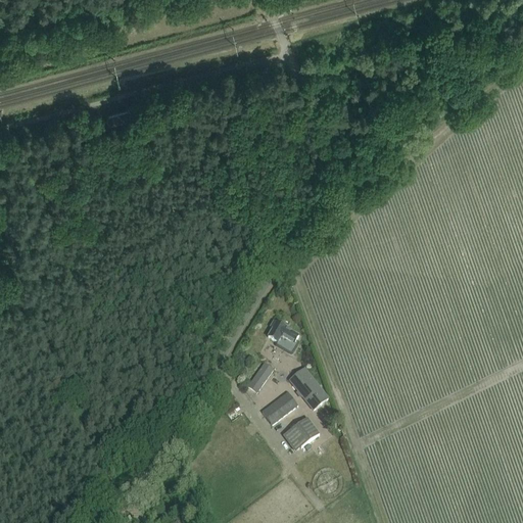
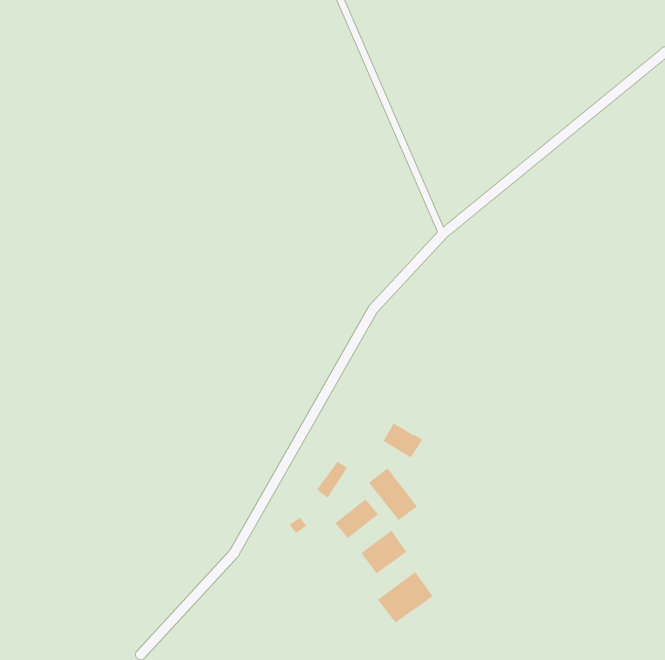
building: [268,321,299,348] -> [383,423,423,458]
building: none -> [377,571,433,624]

